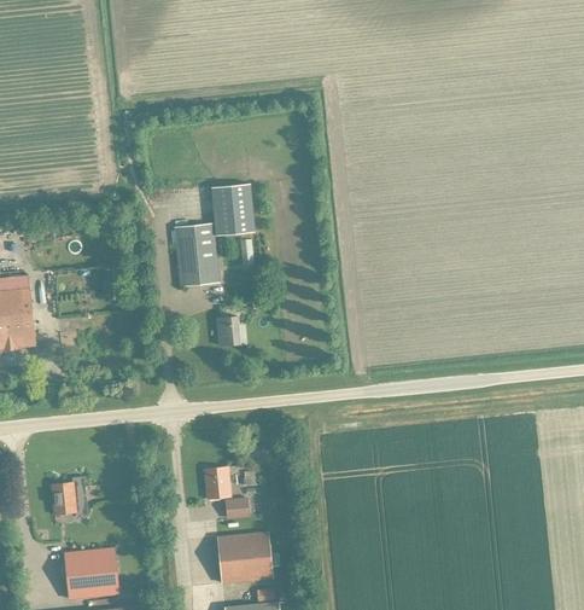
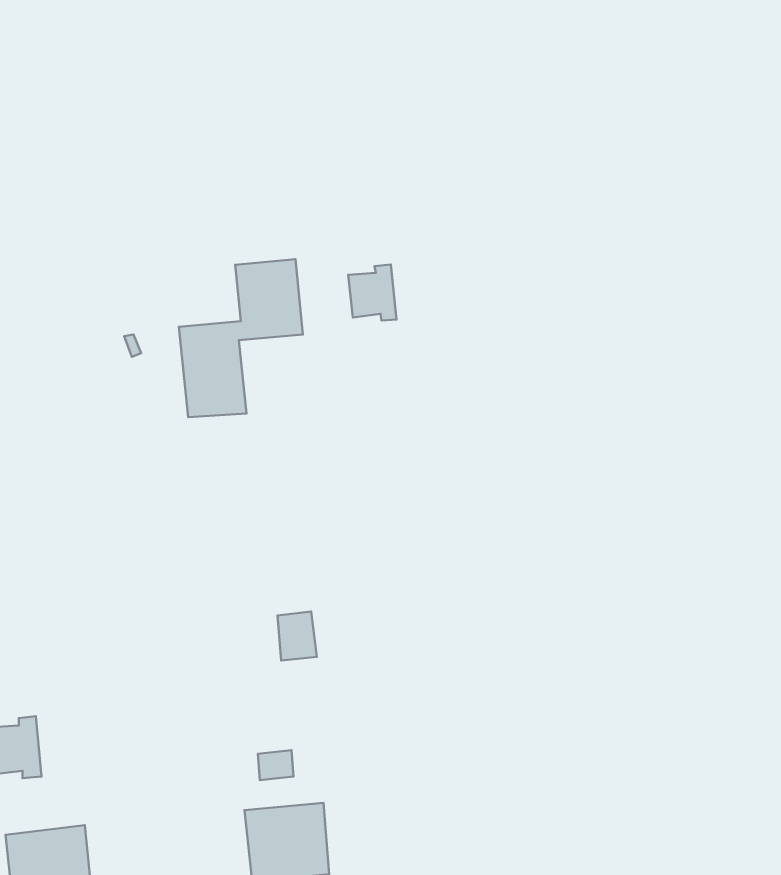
building: none -> [348,265,396,321]
building: [216,316,240,345] -> none
building: [205,467,230,499] -> [277,612,317,661]

